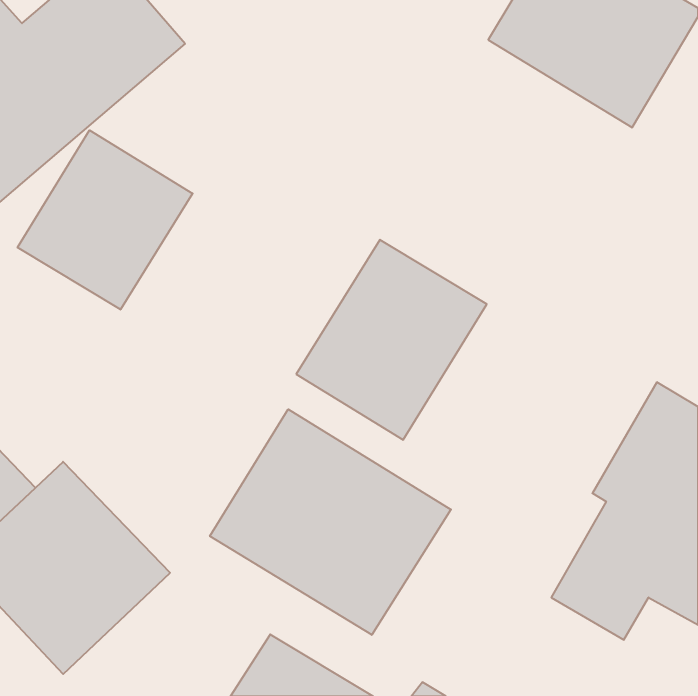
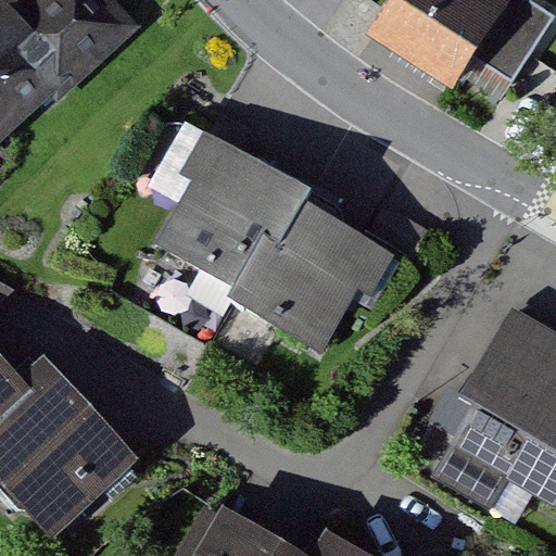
building: [18,130,193,310] -> none
building: none -> [148,137,301,296]
building: [210,409,451,635] -> none

